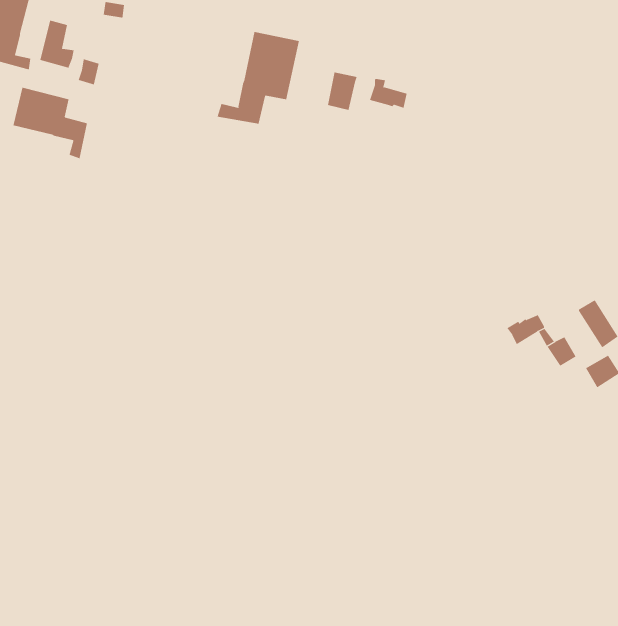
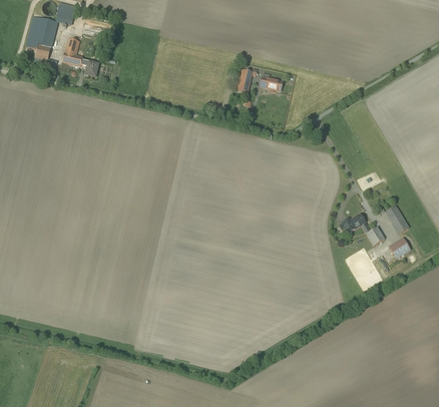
building: [217,31,299,125] -> none
building: [13,87,88,159] -> none

